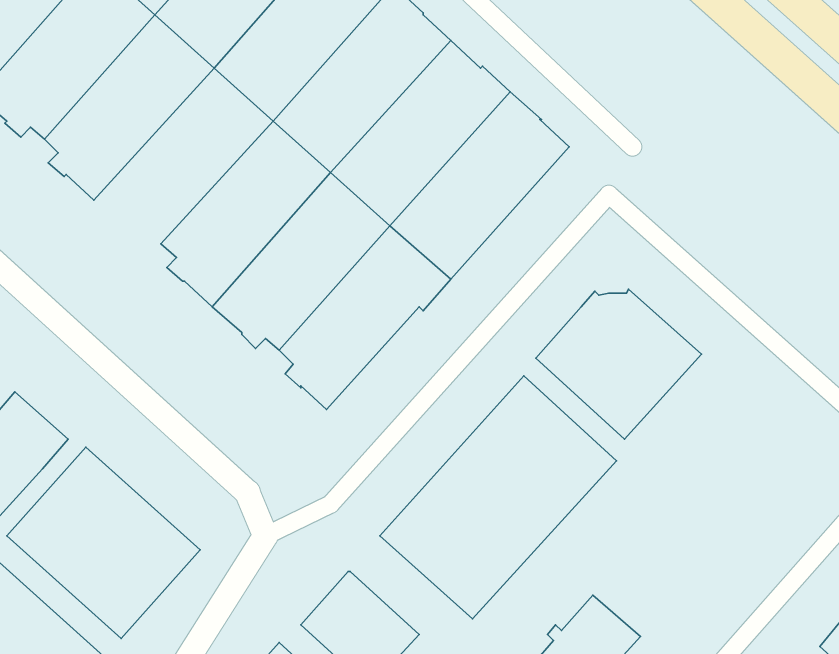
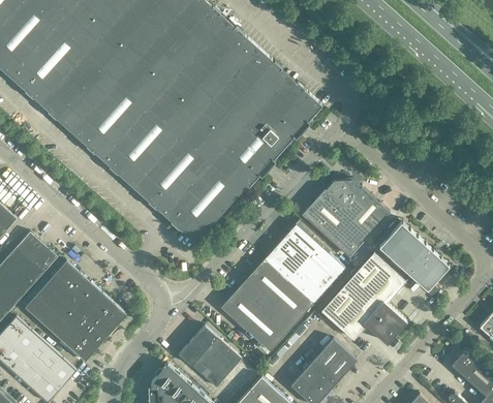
building: none -> [70,63,164,155]
building: none -> [380,222,446,286]
building: none -> [320,253,406,344]

